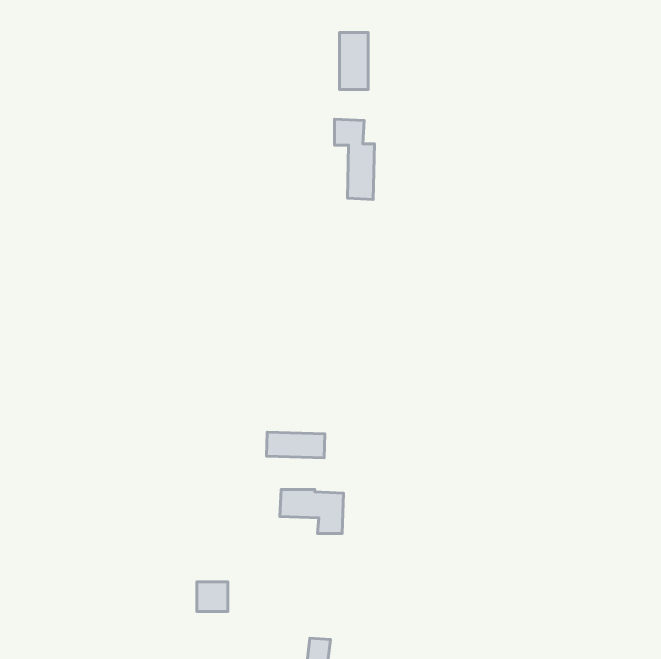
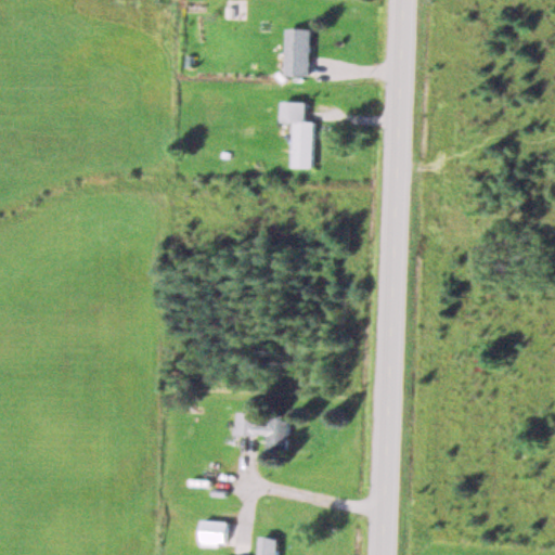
building: [266,432,325,458] -> none
building: [197,582,228,612] -> [199,521,225,546]

